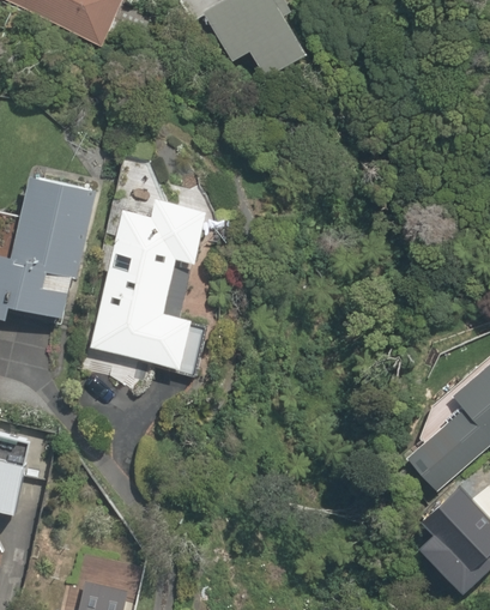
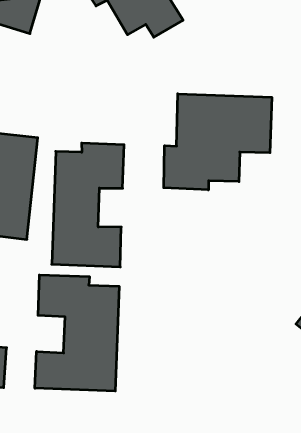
building: none -> [164,94,272,190]
building: none -> [35,275,119,391]

